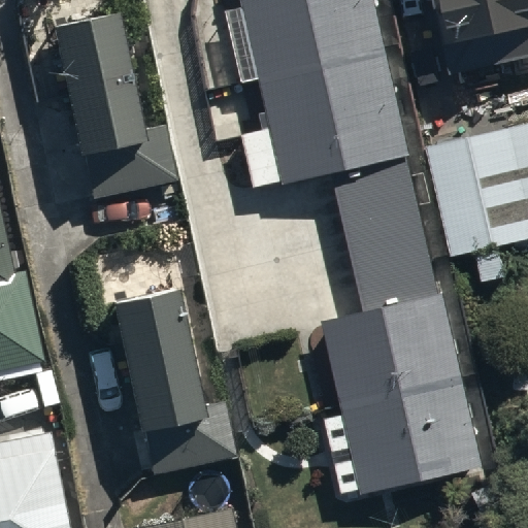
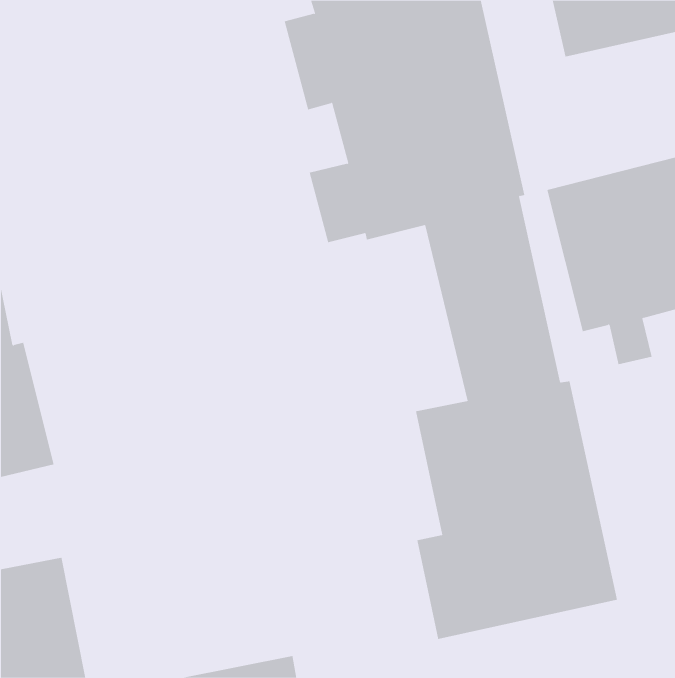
building: [53,20,178,198] -> none
building: [112,291,236,474] -> none

